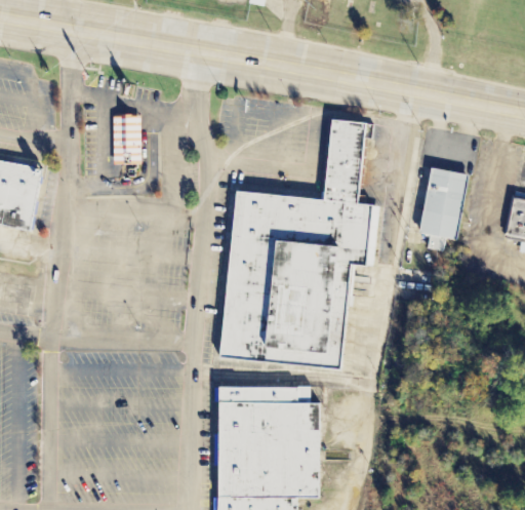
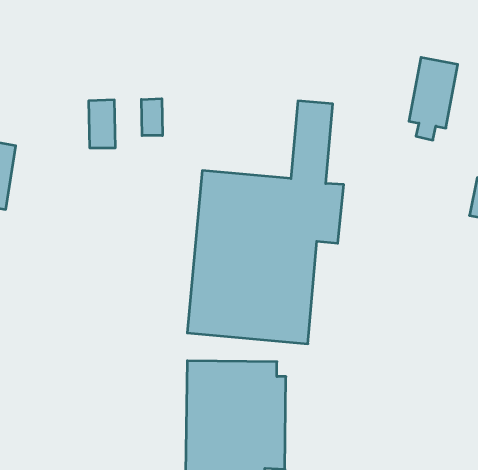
building: none -> [141,99,162,136]
building: [421,168,472,253] -> [409,57,458,140]

